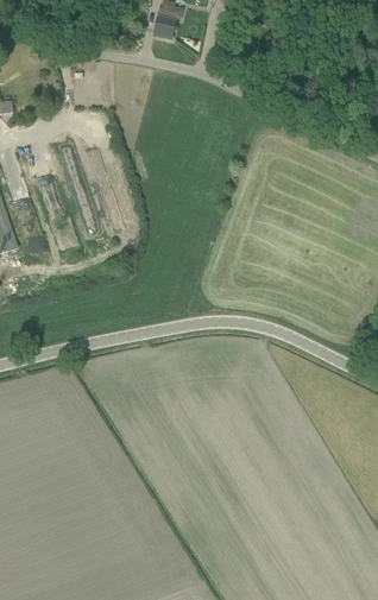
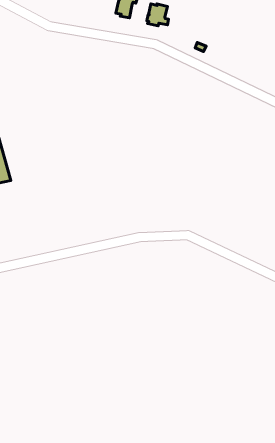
building: none -> [147,4,168,26]

